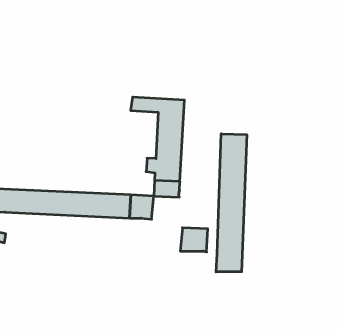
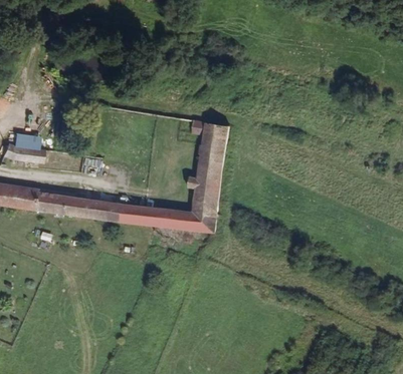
building: [216,134,247,272] -> none
building: [180,228,208,252] -> [187,211,214,235]

